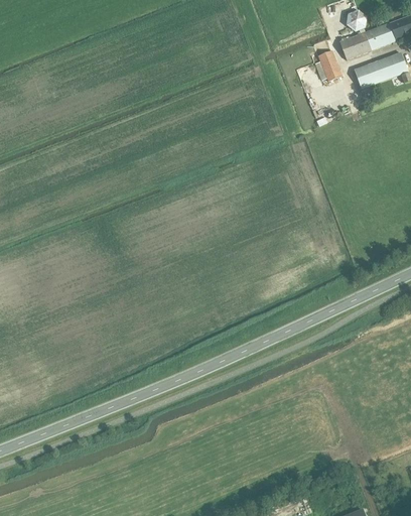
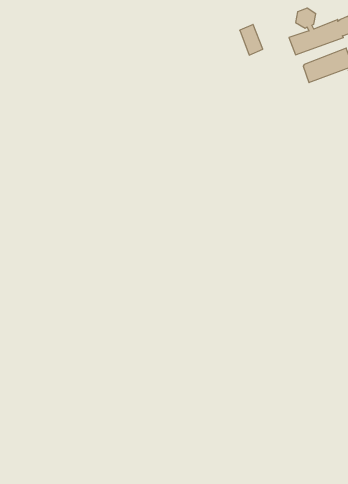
building: [317,48,341,81] -> [240,24,263,55]

